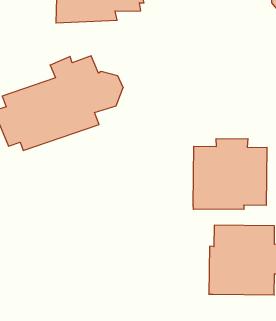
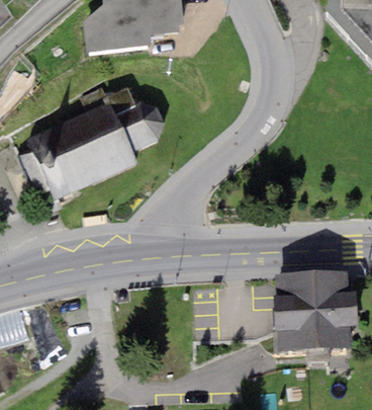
building: [193,139,267,209] -> none

